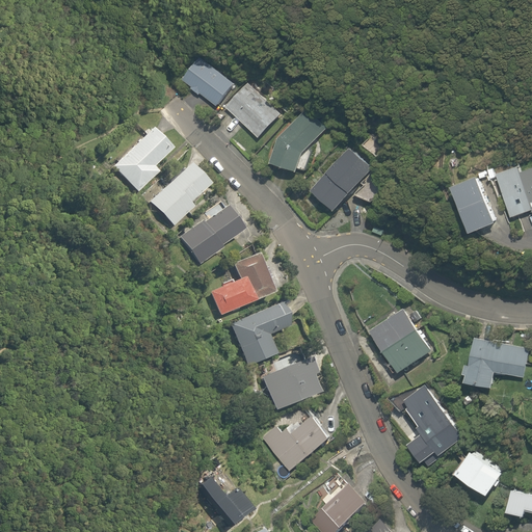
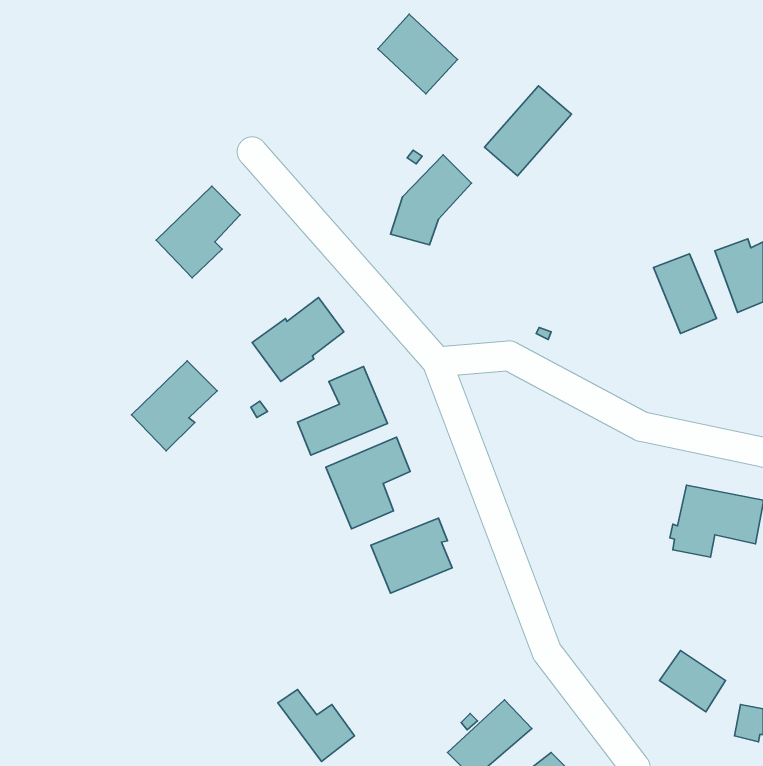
building: [183,57,235,106] -> none
building: [224,83,280,138] -> [378,14,457,94]
building: [312,148,372,210] -> [485,86,572,176]
building: [144,165,204,228] -> [132,361,217,451]
building: [371,309,431,372] -> none
building: [403,384,463,467] -> none
building: [262,415,330,471] -> none

